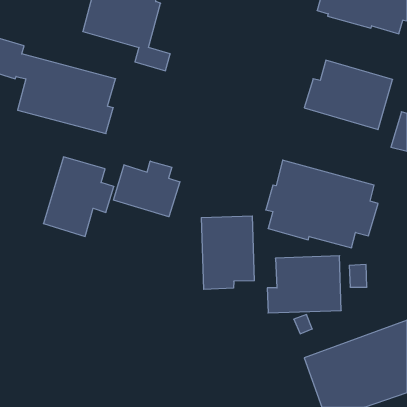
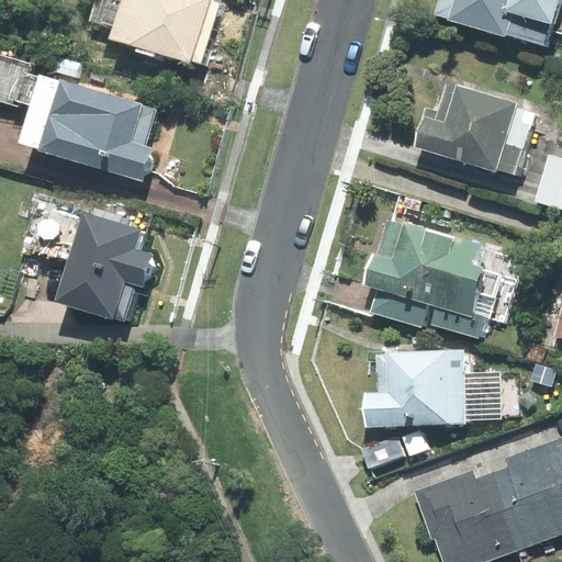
building: [114,161,180,217] -> none
building: [201,216,254,289] -> none

